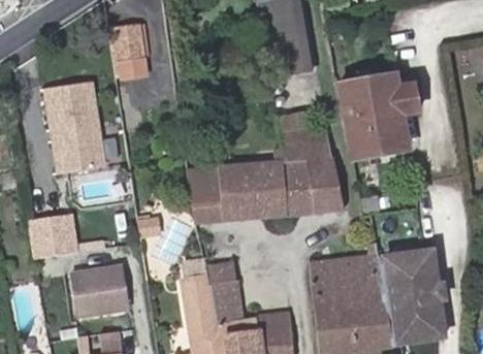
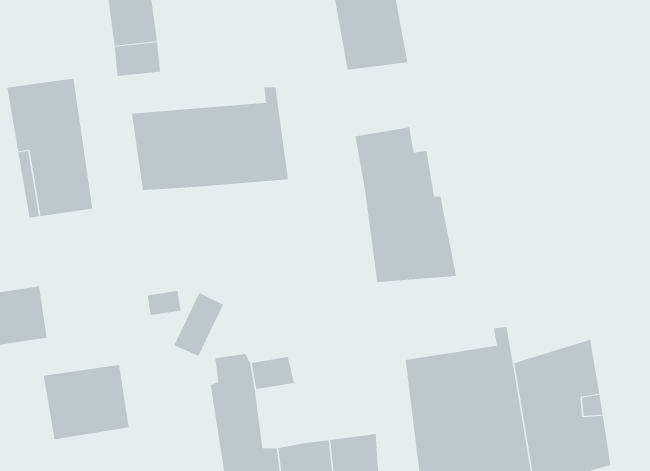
building: [337,72,419,158] -> none
building: [188,152,291,220] -> [131,87,289,191]
building: [212,279,243,321] -> none

